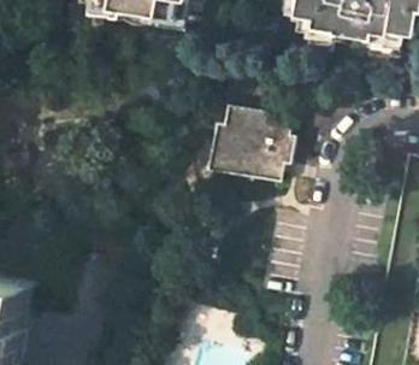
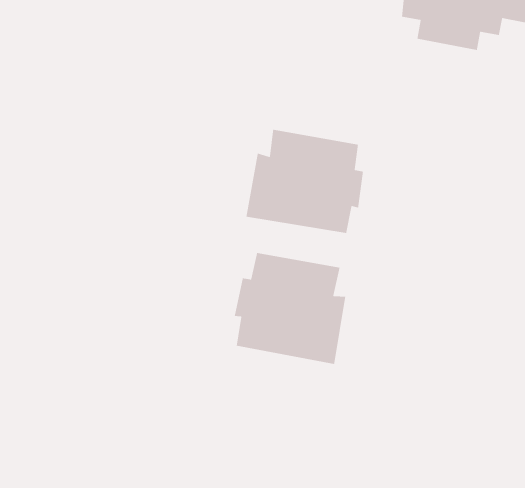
building: none -> [234,252,346,365]

